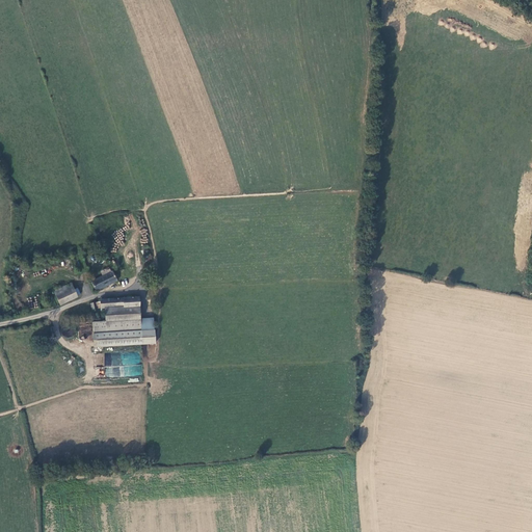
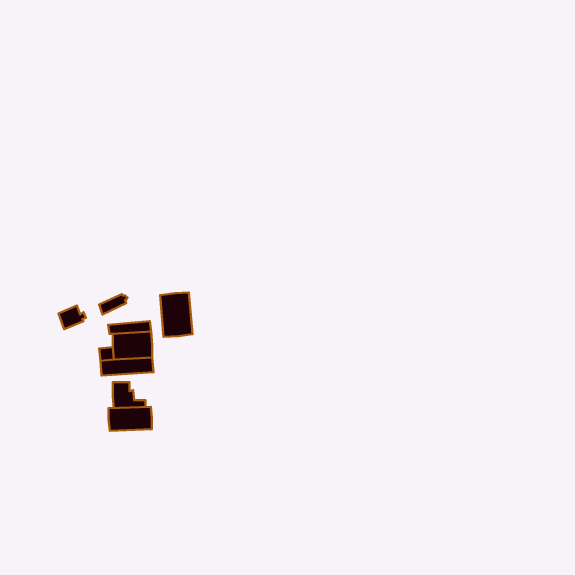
building: none -> [160,292,192,337]
building: none -> [109,407,152,431]

